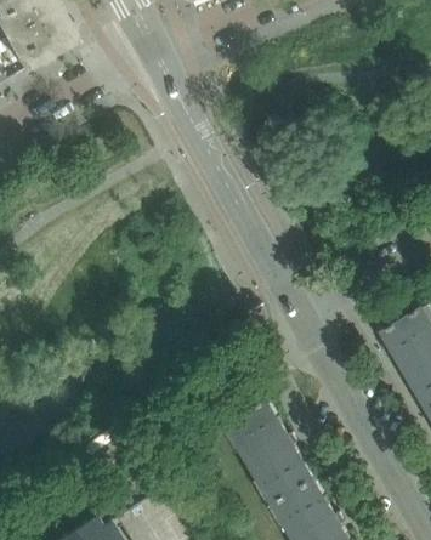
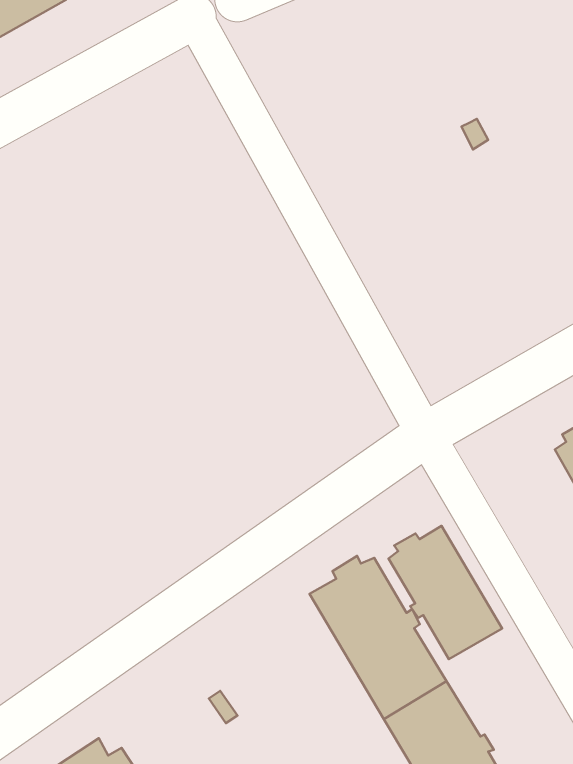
building: none -> [389,526,502,659]

